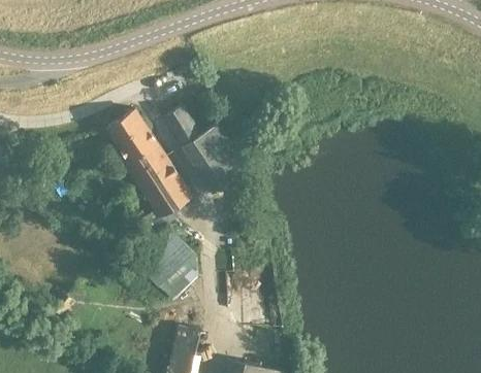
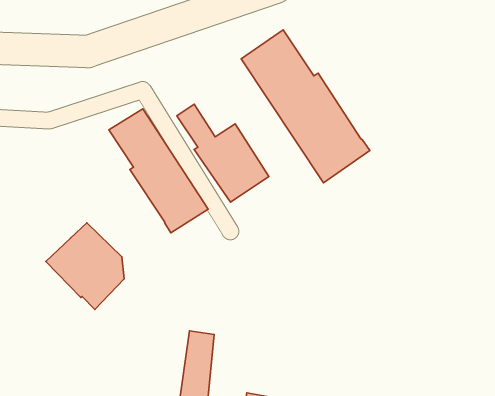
building: none -> [241,30,370,183]
building: [130,225,199,301] -> [46,223,124,309]

